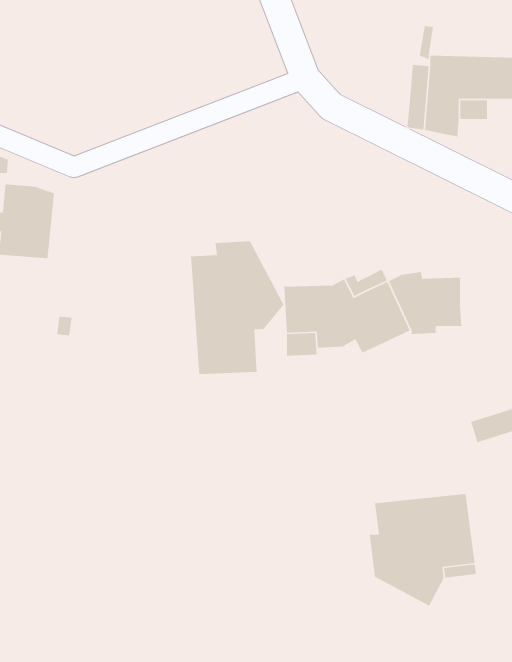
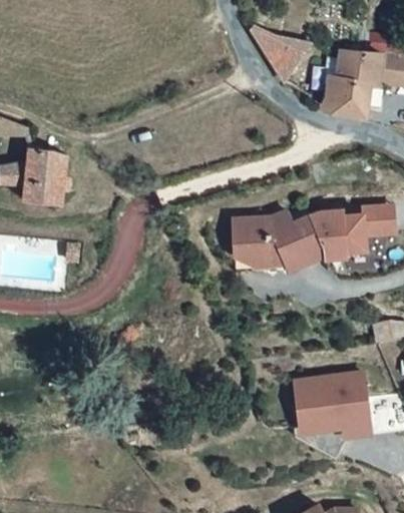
building: none -> [247,21,298,72]
building: [190,240,285,375] -> none
building: none -> [364,207,394,235]

